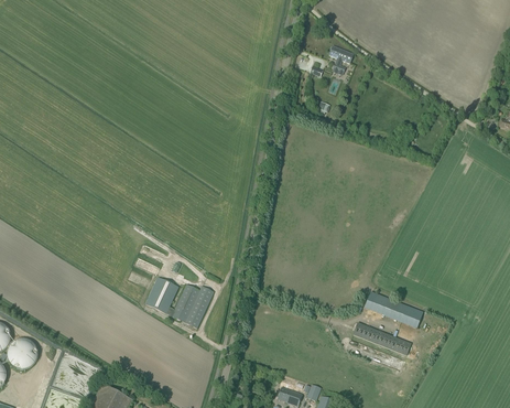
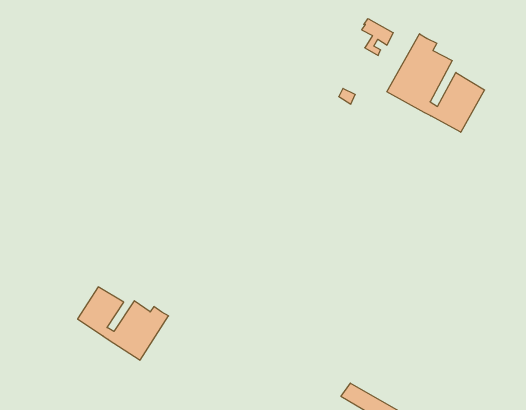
building: none -> [387,34,485,132]
building: [363,292,423,328] -> none

